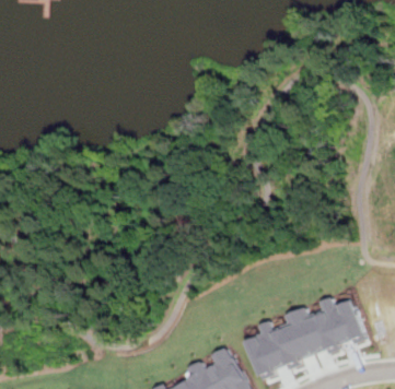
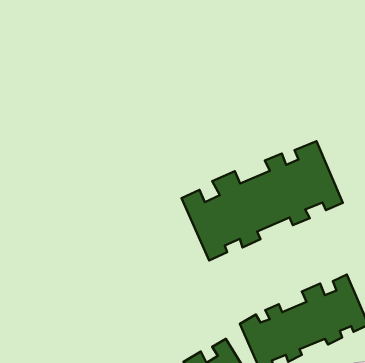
building: none -> [181,141,343,261]

